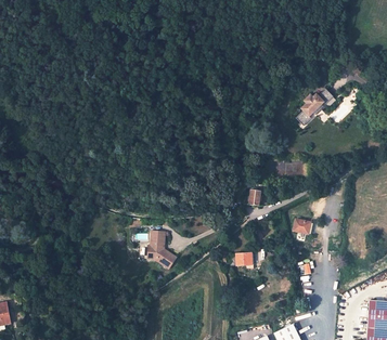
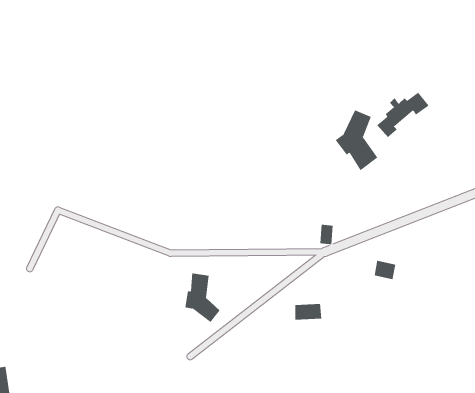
building: none -> [335,109,378,171]

